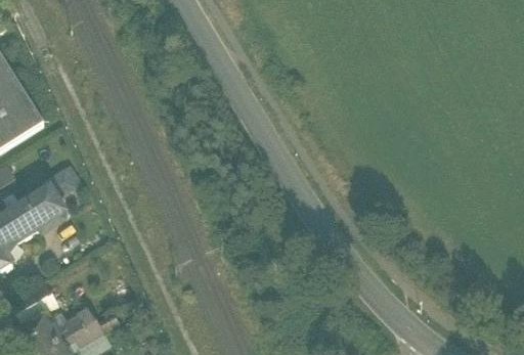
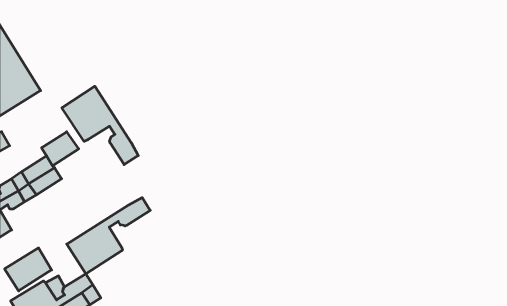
building: none -> [62,86,138,165]
building: none -> [67,198,150,274]

